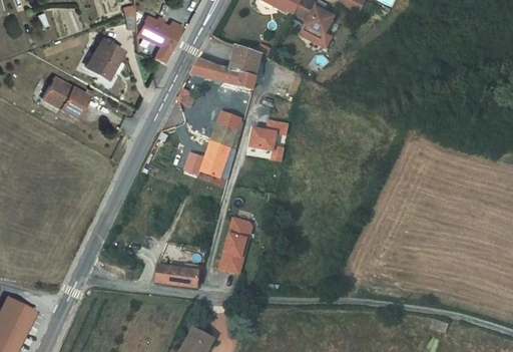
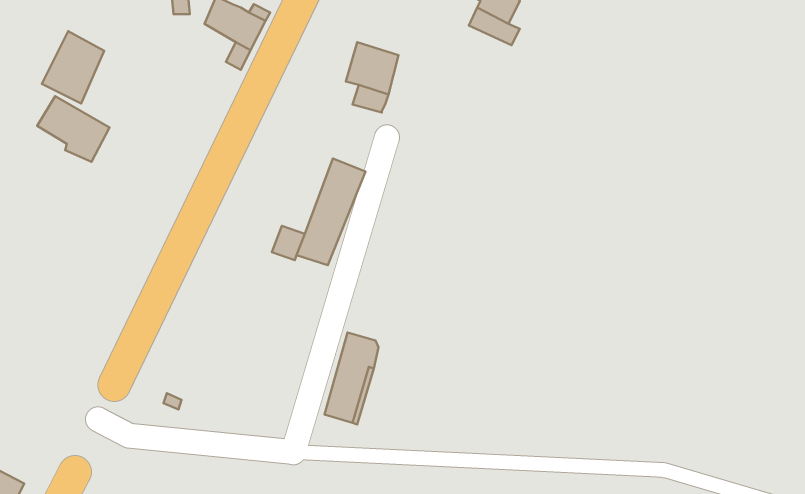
building: [86,35,124,79] -> [42,31,104,103]
building: [191,57,238,81] -> none
building: [250,119,290,160] -> none
building: [153,265,195,289] -> none

